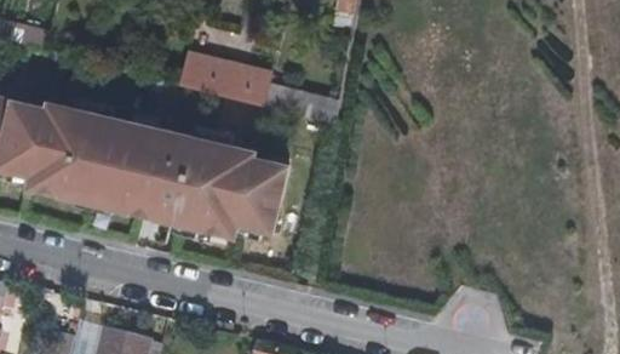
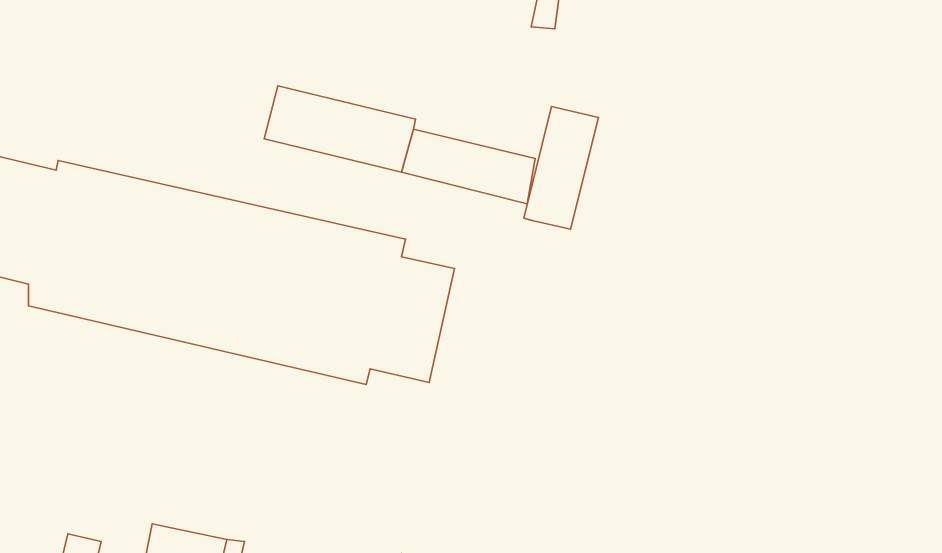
building: none -> [524,107,598,229]

